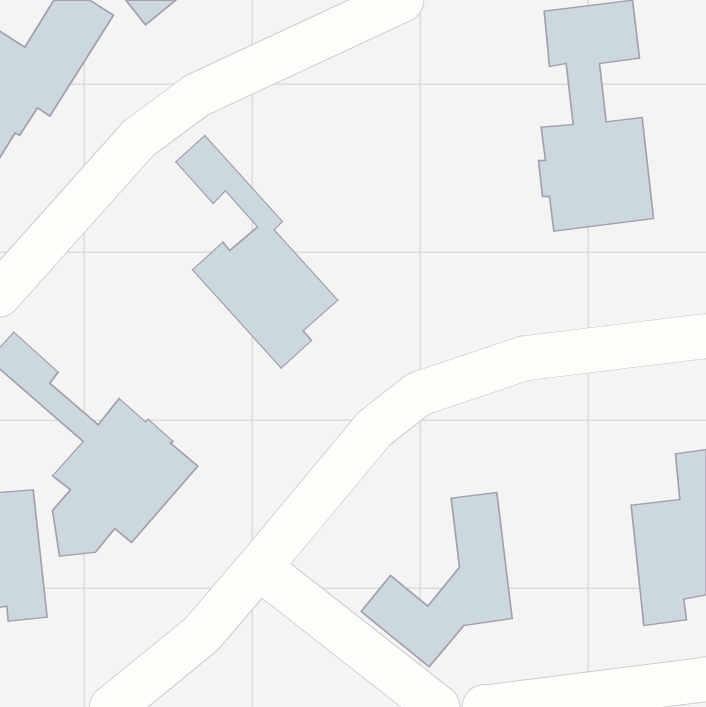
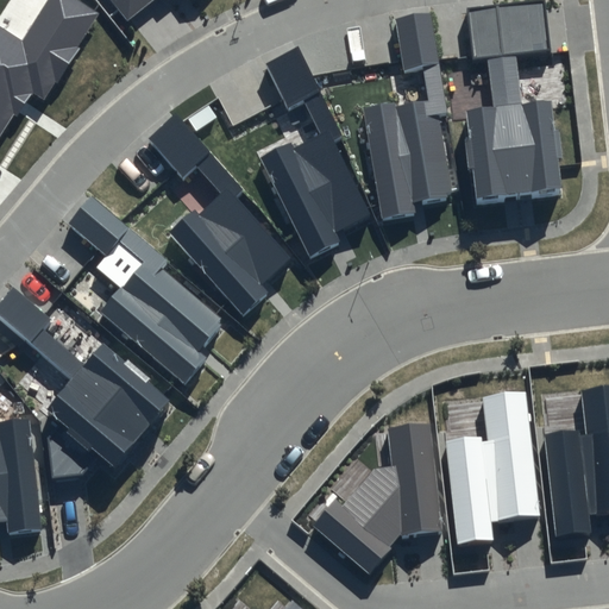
building: none -> [362,13,450,219]
building: none -> [258,50,369,259]
building: none -> [65,194,224,383]
building: none -> [444,393,540,546]

